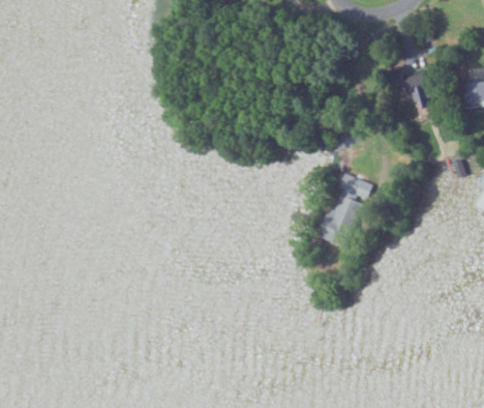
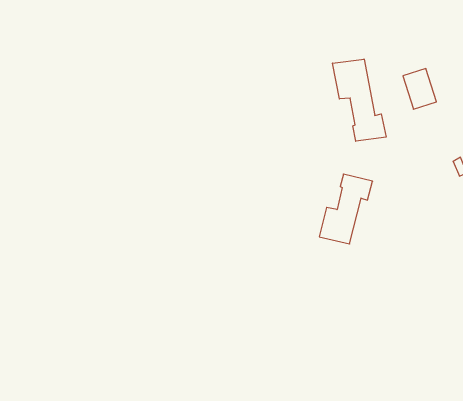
building: none -> [333,59,386,141]

